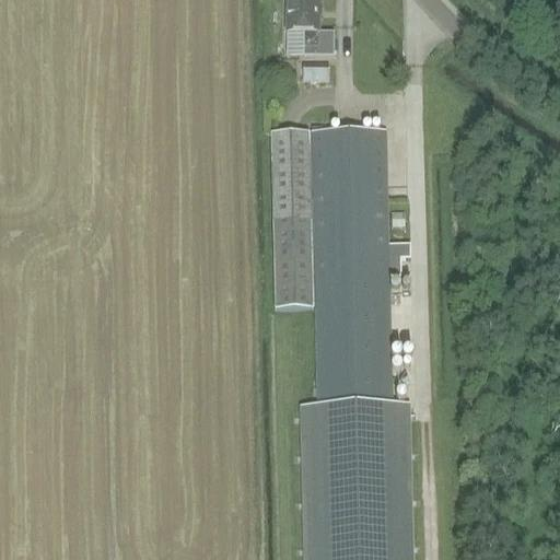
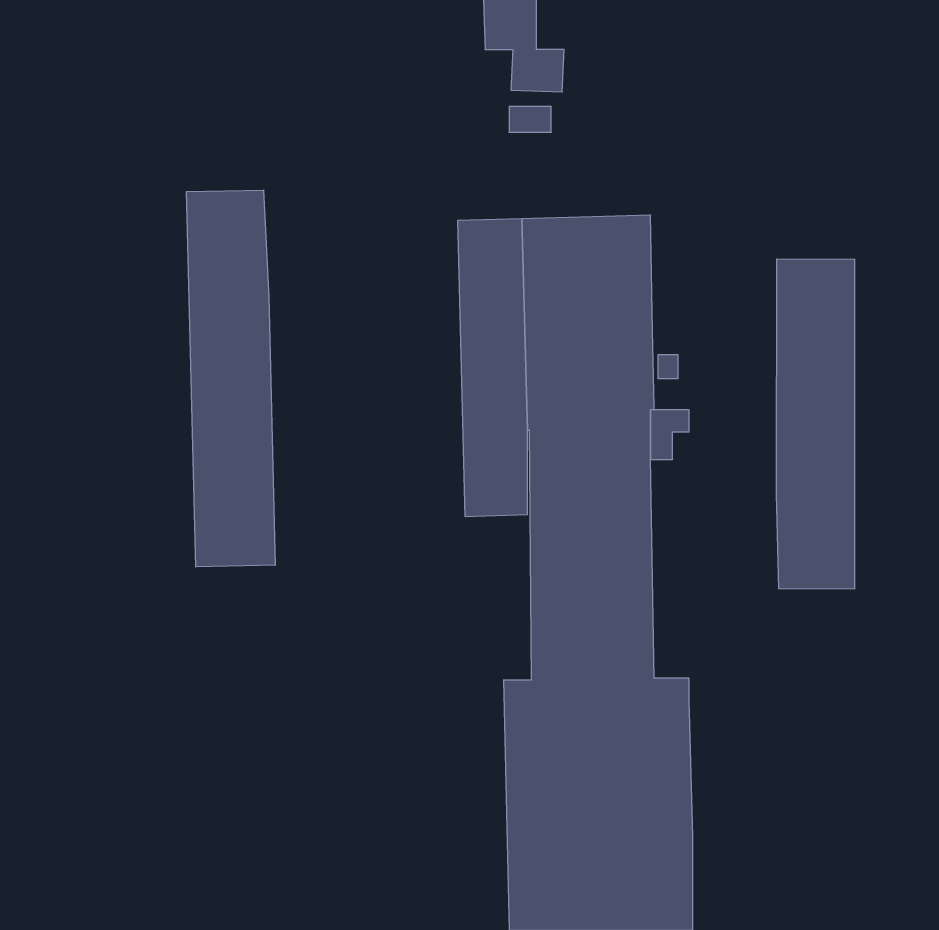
building: none -> [186,190,275,567]
building: none -> [776,259,854,589]

